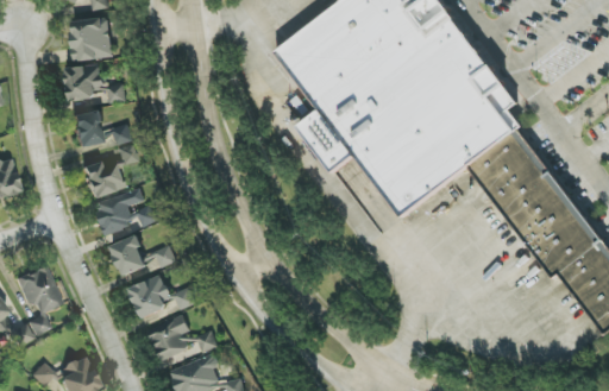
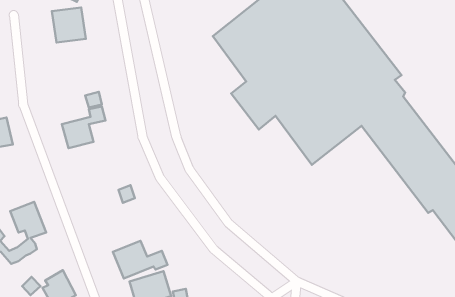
building: [64,64,124,103] -> none
building: [71,111,102,146] -> none
building: [93,188,157,234] -> none
building: [109,235,146,276] -> none
building: [127,275,195,319] -> none

